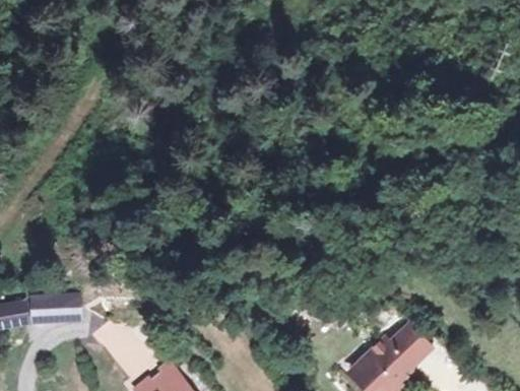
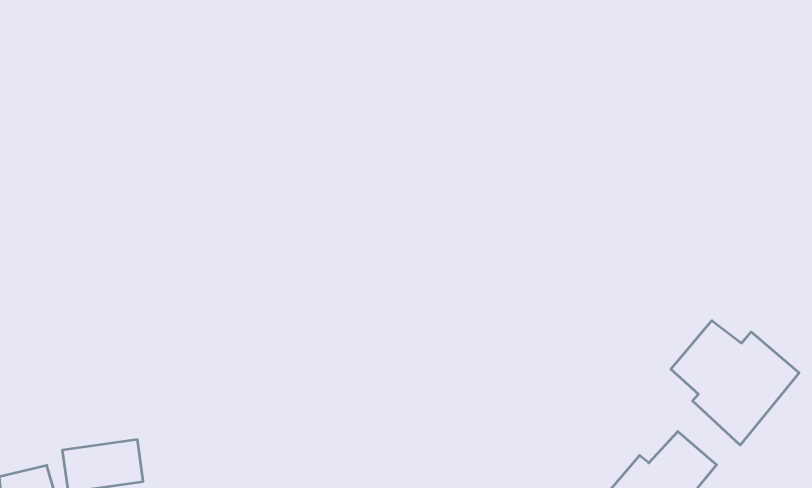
building: none -> [671,321,799,445]

